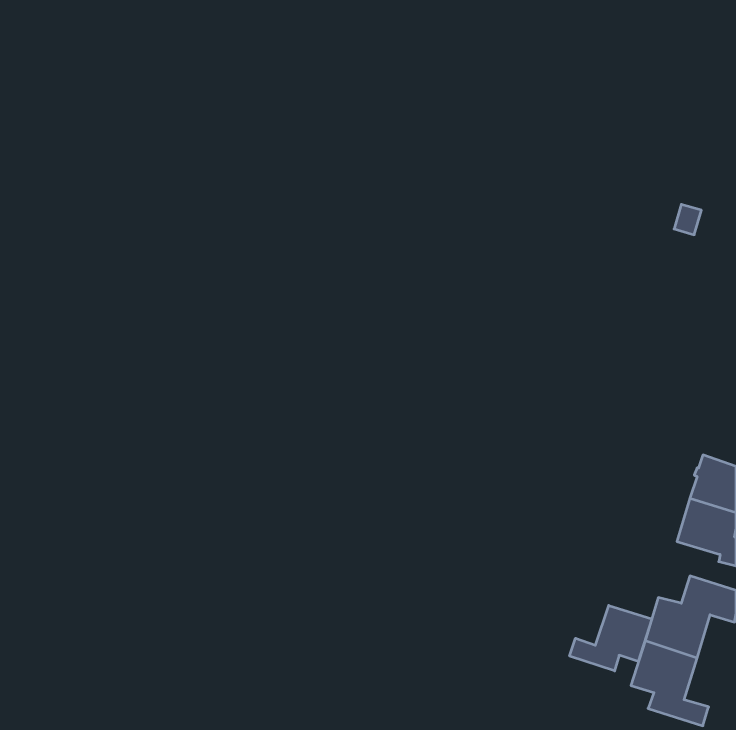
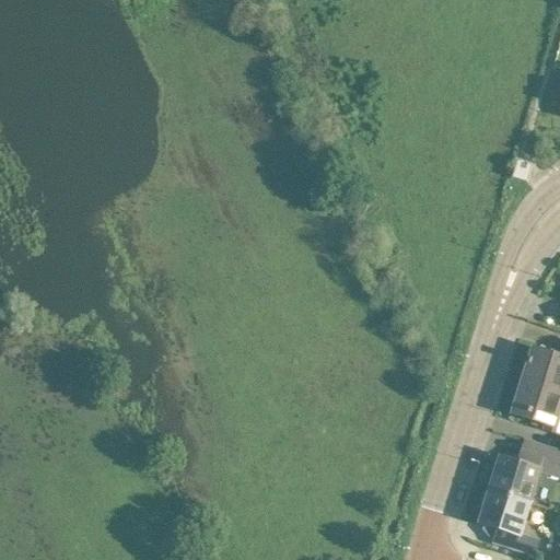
building: [570,605,652,671] -> none

